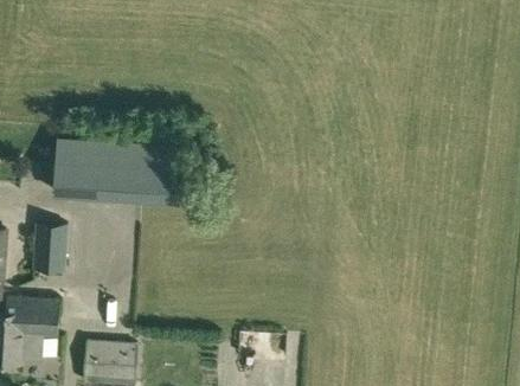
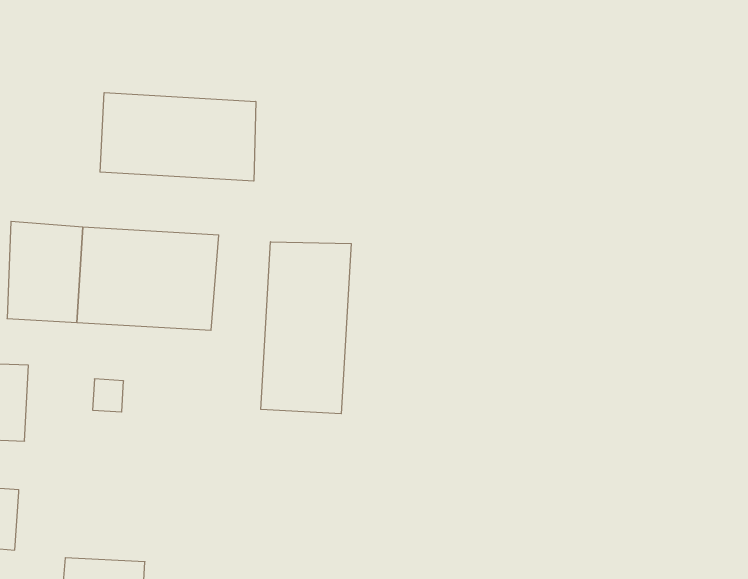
building: none -> [100,93,256,181]
building: none -> [261,242,351,414]

